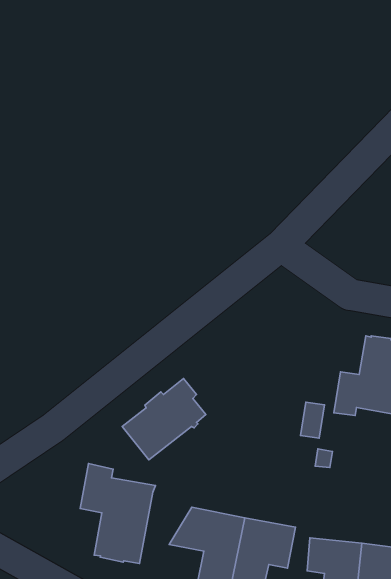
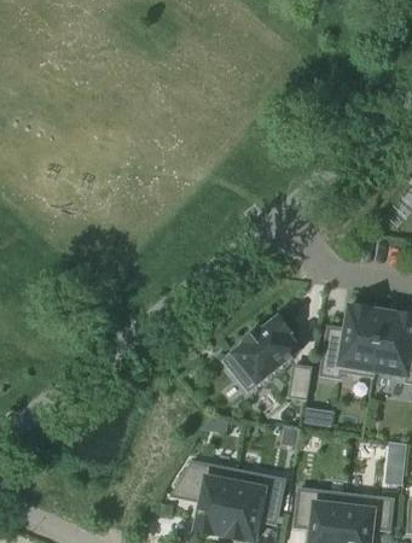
building: [122,379,206,460] -> [225,317,301,391]
building: [80,463,155,563] -> none

